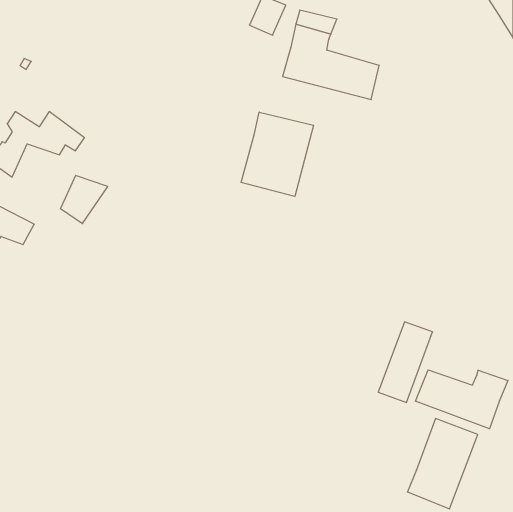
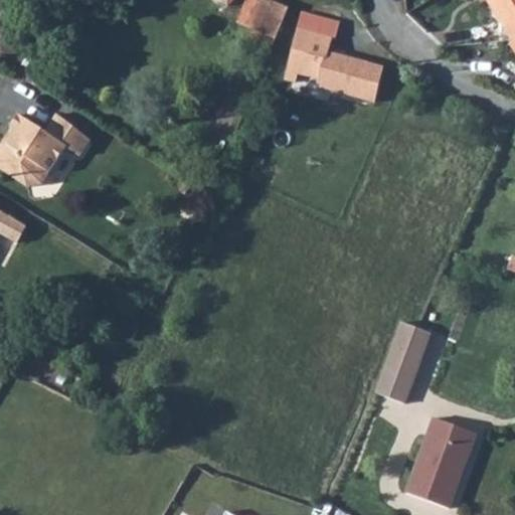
building: [241,112,314,196] -> none
building: [60,175,108,224] -> [12,144,59,192]
building: [416,370,508,429] -> none

